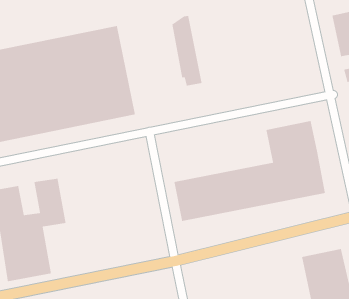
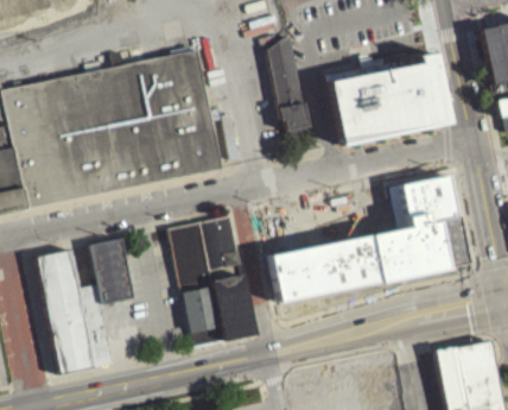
building: none -> [328,51,449,145]
building: none -> [171,226,253,355]

